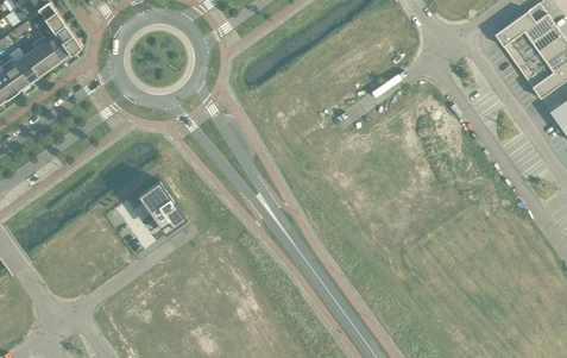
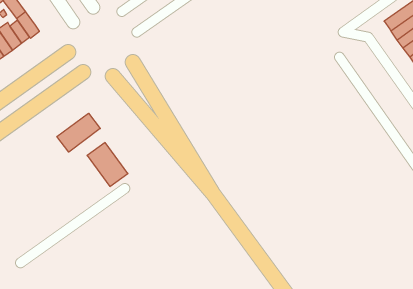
building: none -> [57,113,100,152]

